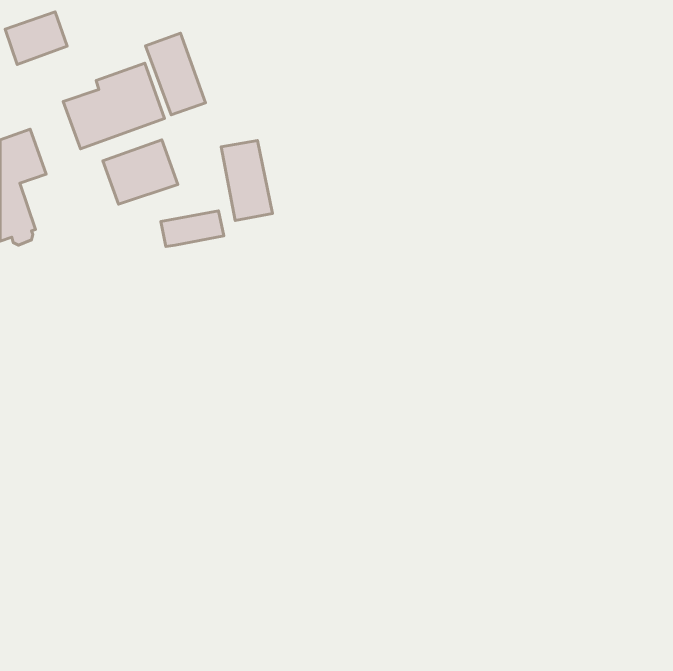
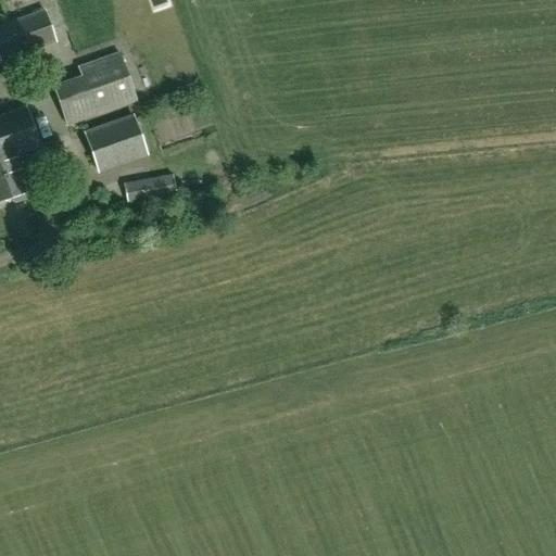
building: [145,33,206,115] -> none
building: [221,140,272,221] -> none

